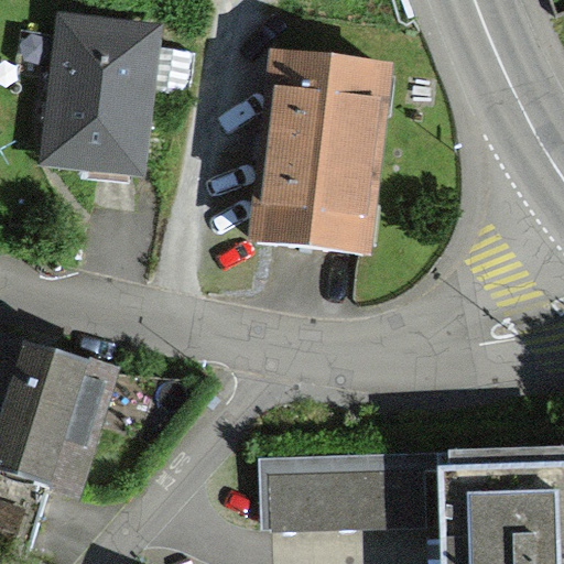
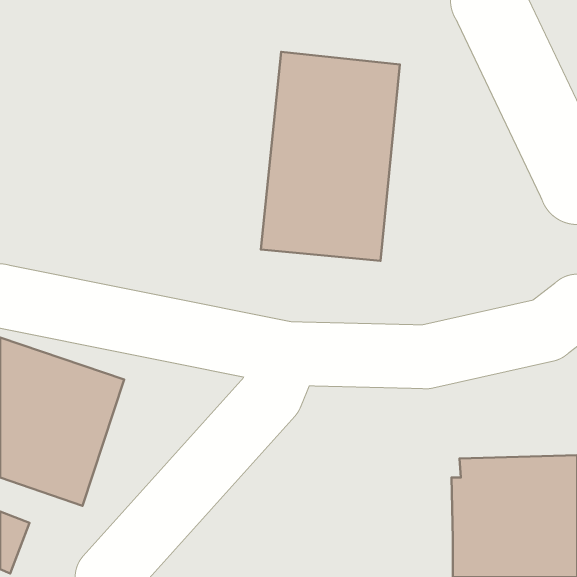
building: [42,15,160,175] -> none
building: [260,449,442,533] -> none

